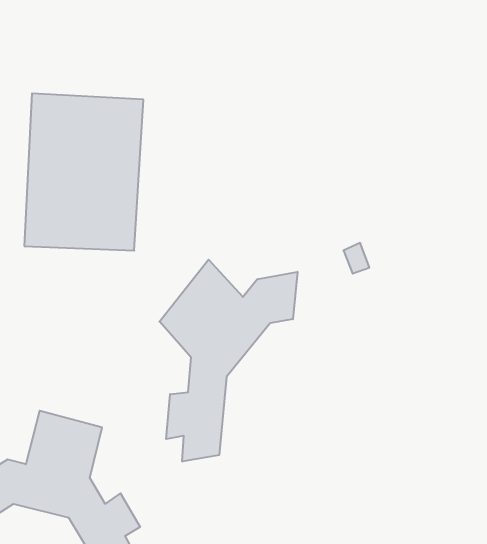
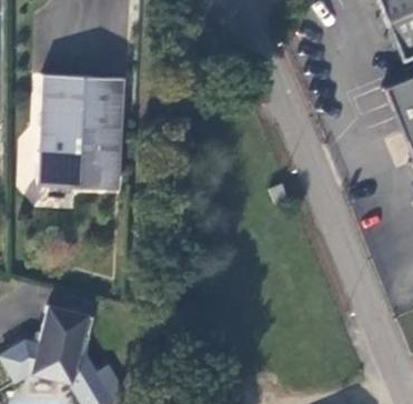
building: [159,260,297,462] -> none

